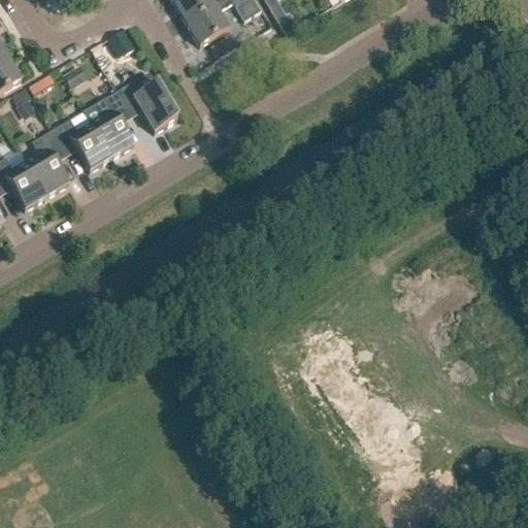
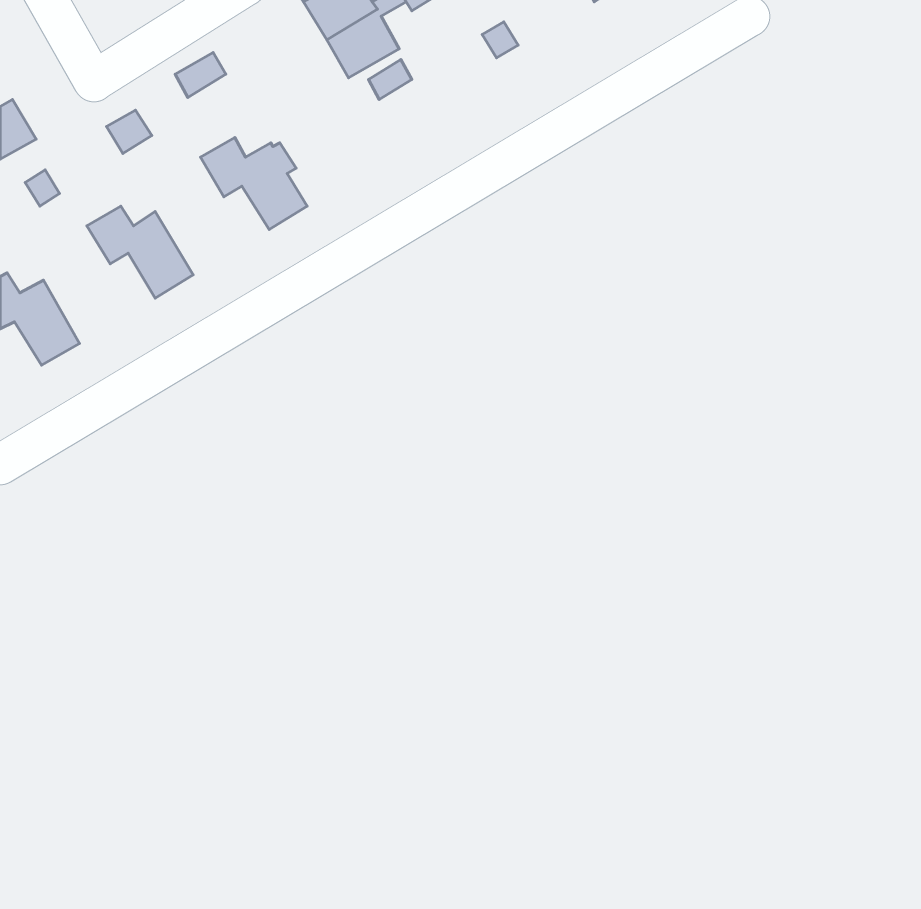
building: [90,90,133,157] -> none
building: [26,129,68,196] -> none

